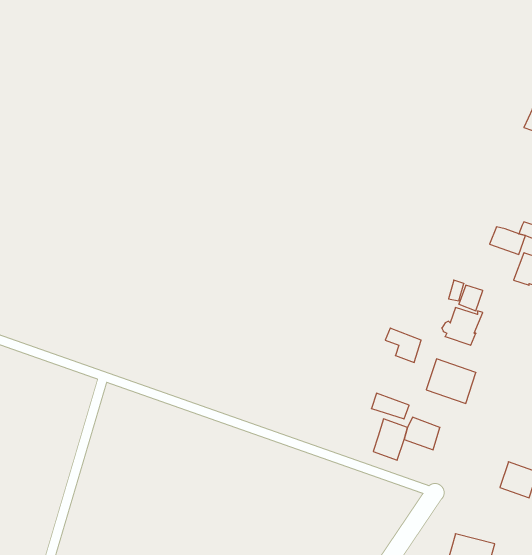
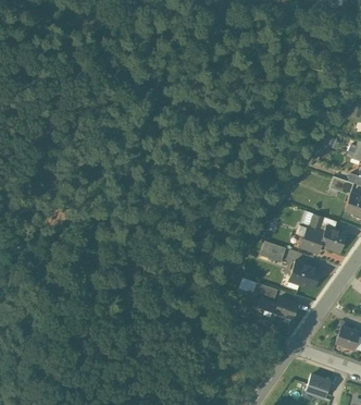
building: none -> [320,226,347,253]

